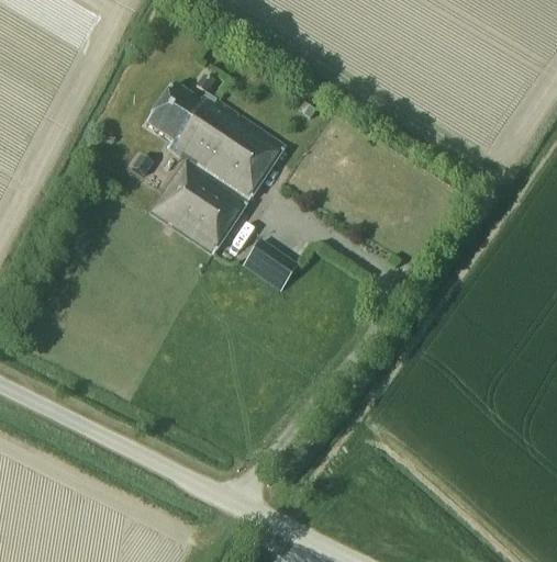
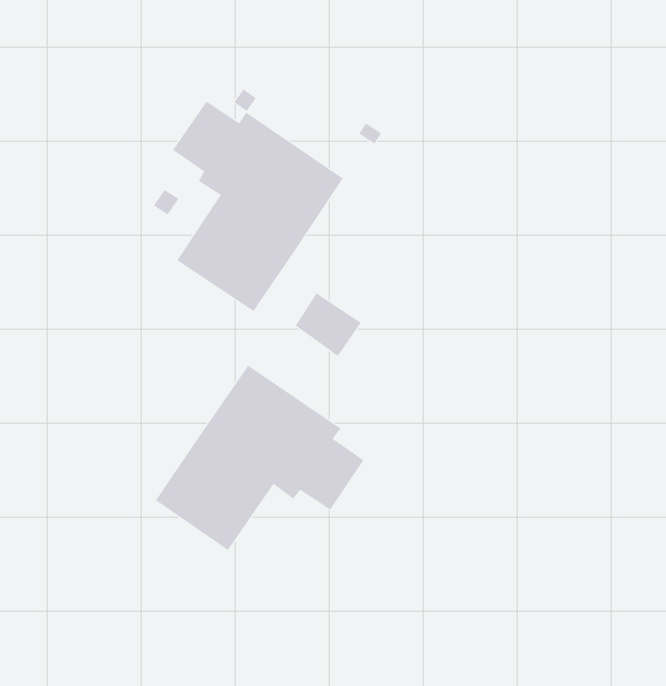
building: none -> [155,365,364,551]

